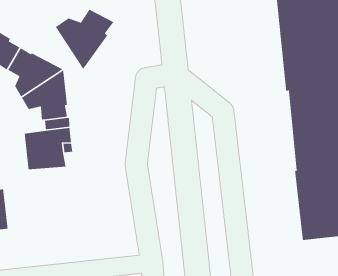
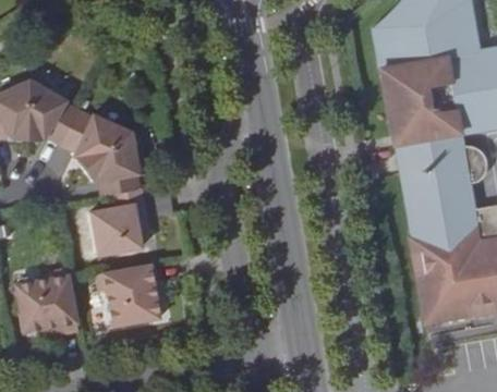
building: [55,9,114,70] -> none
building: none -> [106,265,159,328]

